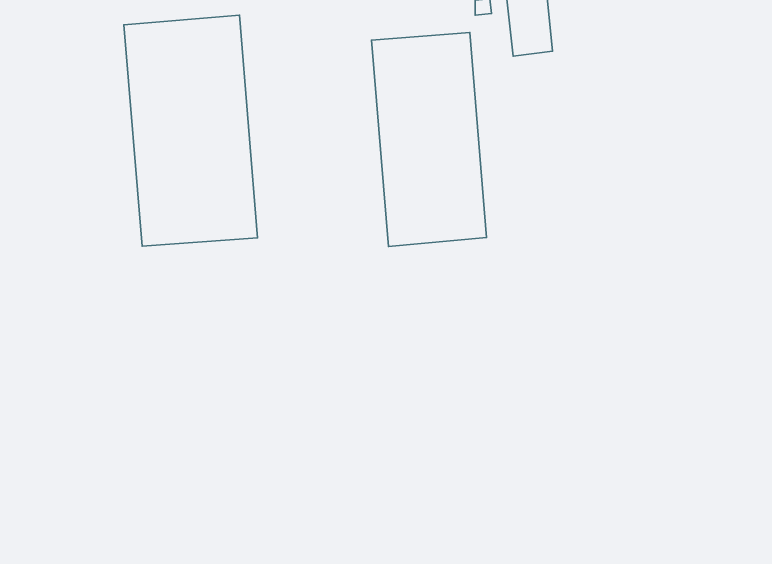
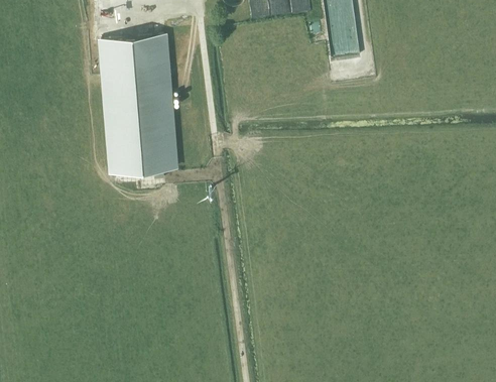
building: [372,33,486,246] -> none

